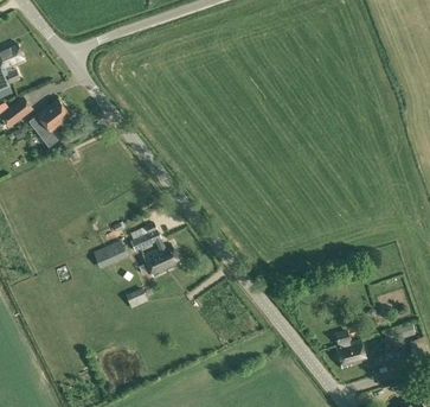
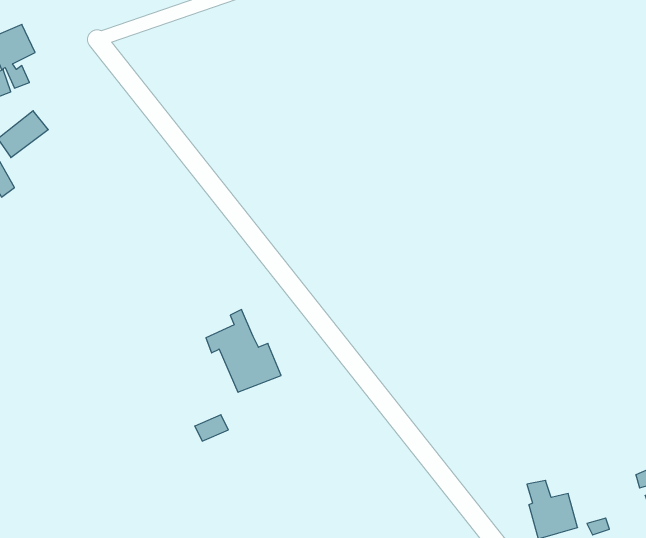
building: [27,98,70,147] -> none
building: [94,241,127,268] -> none

